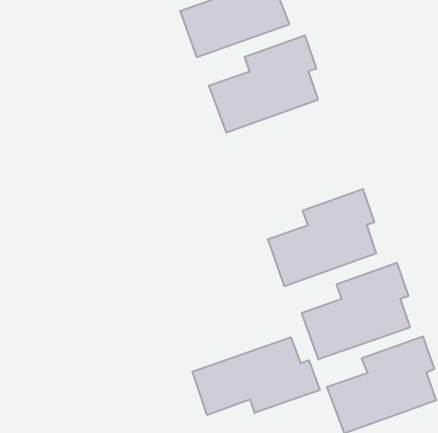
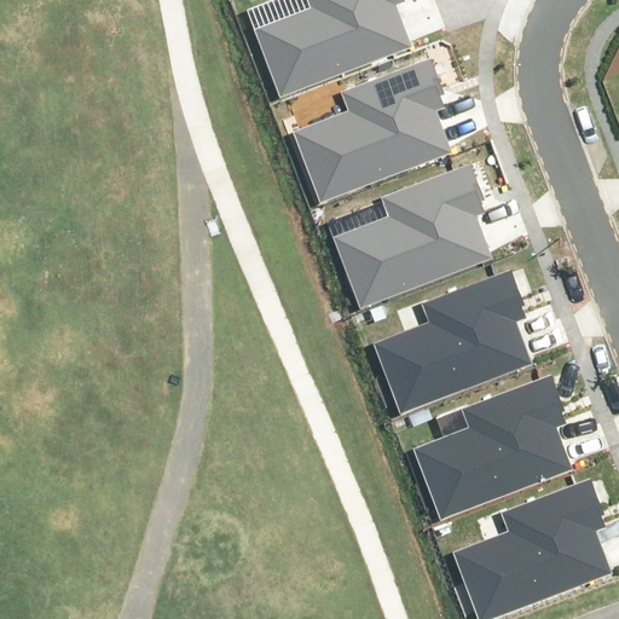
building: none -> [334,169,486,305]
building: [192,337,320,415] -> none

